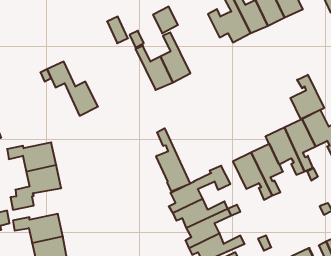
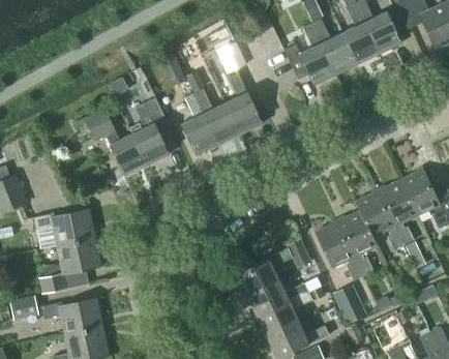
building: none -> [181,93,218,155]
building: none -> [131,97,172,164]
building: [290,75,324,119] -> none
building: [156,128,190,192] -> none
building: none -> [332,283,366,324]

